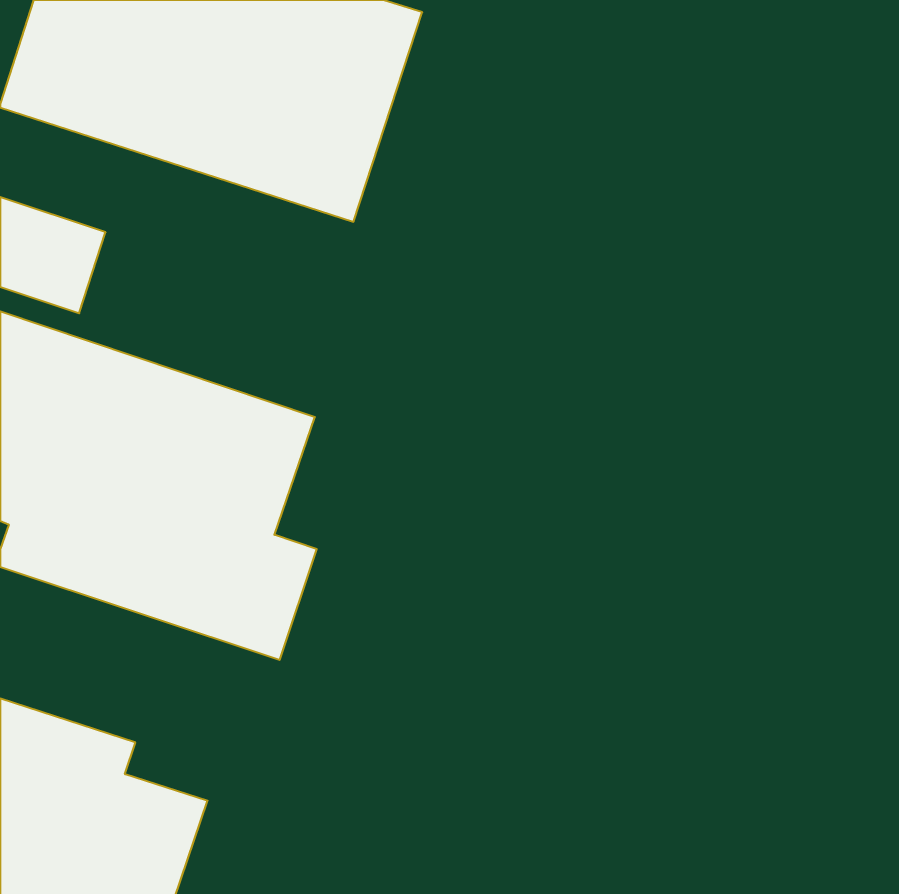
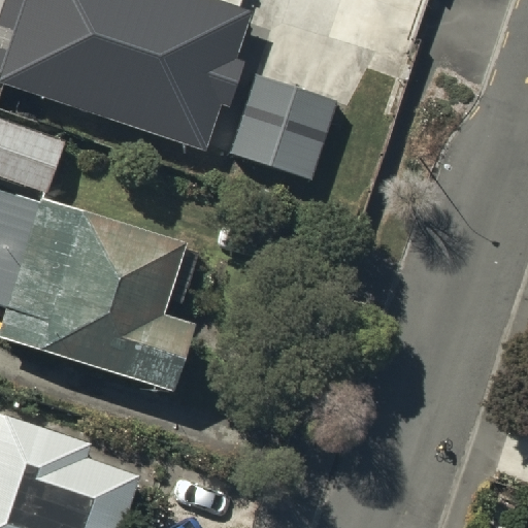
building: none -> [231,74,332,174]

